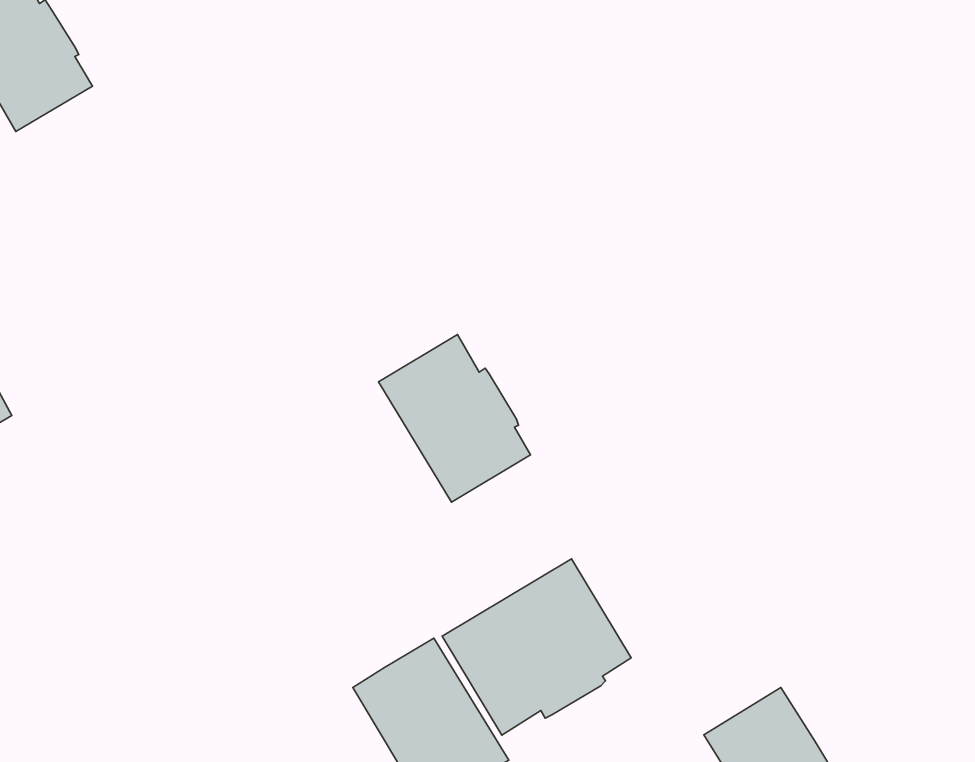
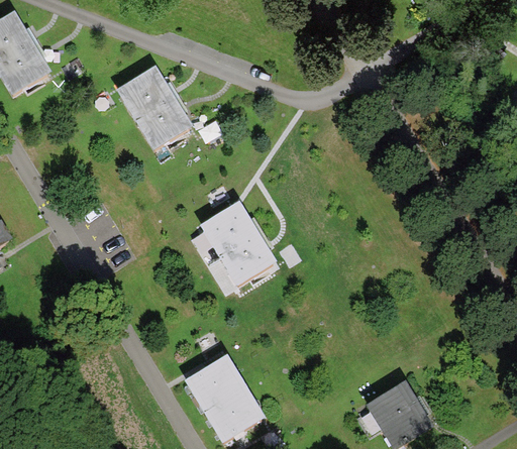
building: none -> [115,65,192,149]
building: [442,559,631,735] -> none

